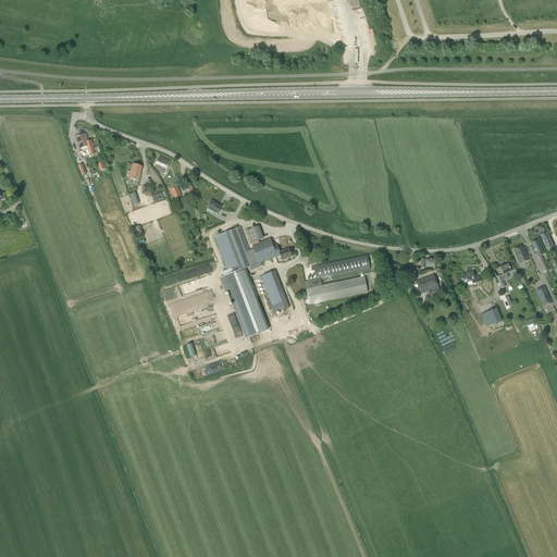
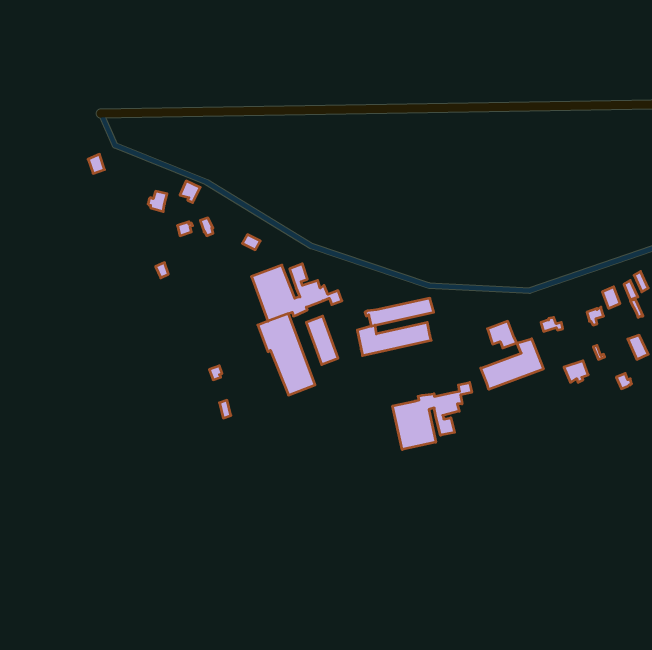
building: none -> [481,339,543,389]
building: none -> [393,382,472,450]

